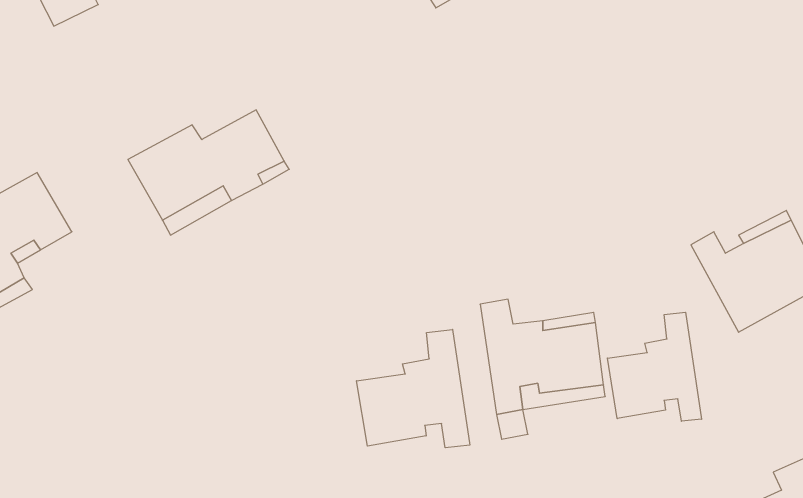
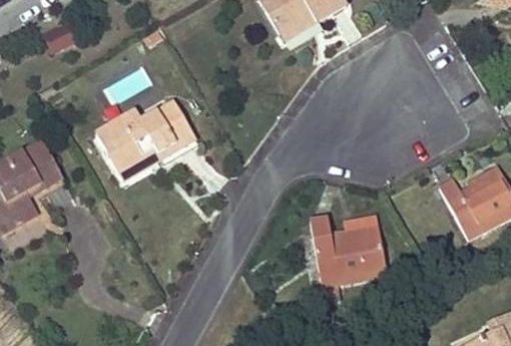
building: [607,312,702,421] -> none
building: [357,329,470,448] -> none

